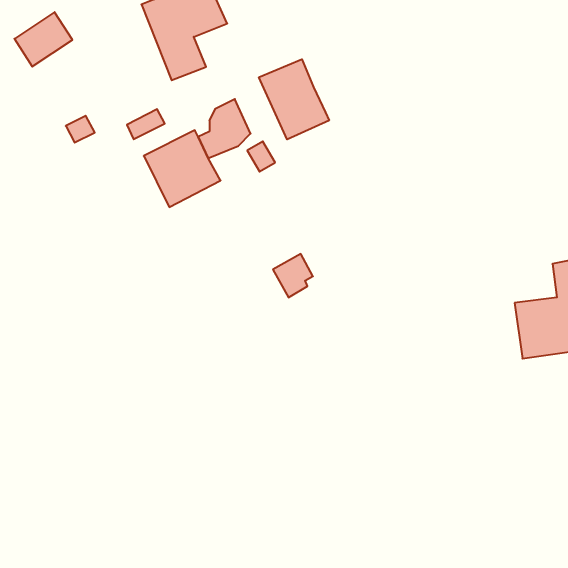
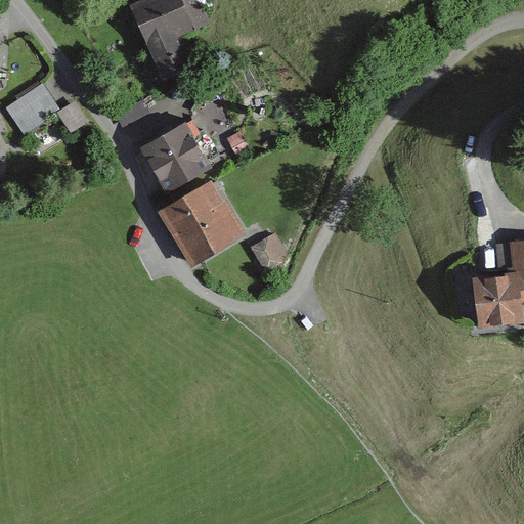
building: [14,12,72,67] -> [9,85,62,135]
building: [259,59,329,139] -> none
building: none -> [151,179,246,268]

